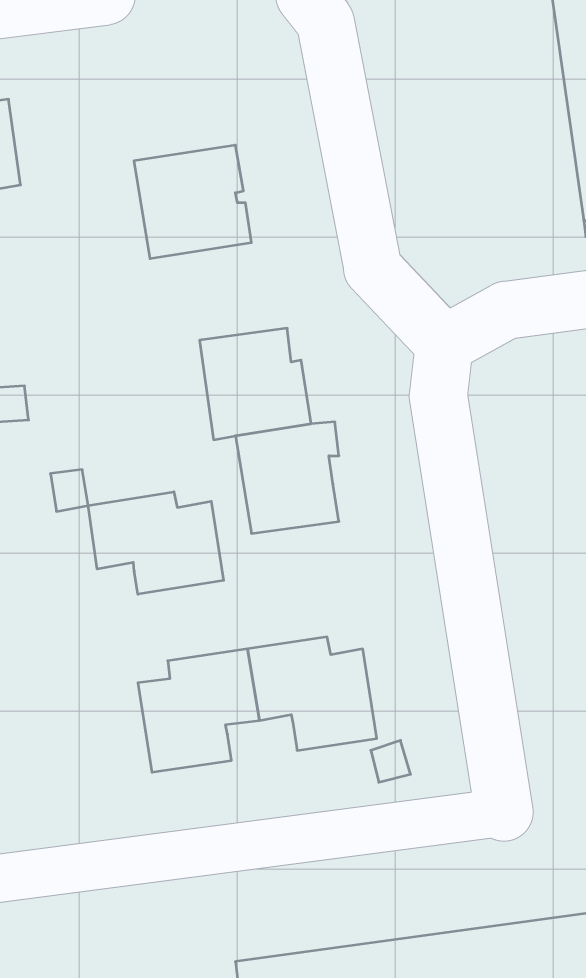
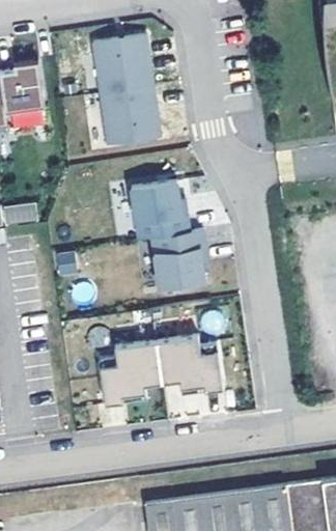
building: none -> [90,32,150,91]
building: [88,492,224,594] -> none

